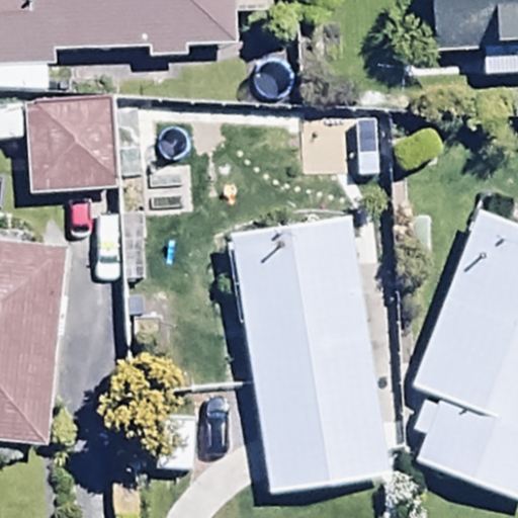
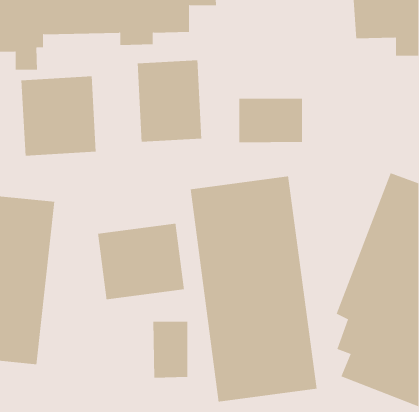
building: none -> [137,60,202,143]
building: none -> [98,223,185,300]

